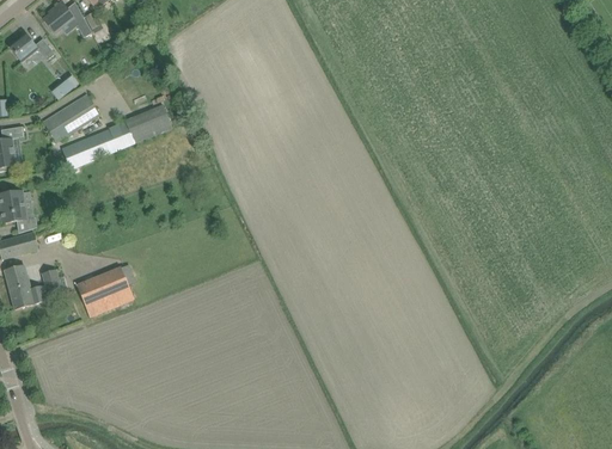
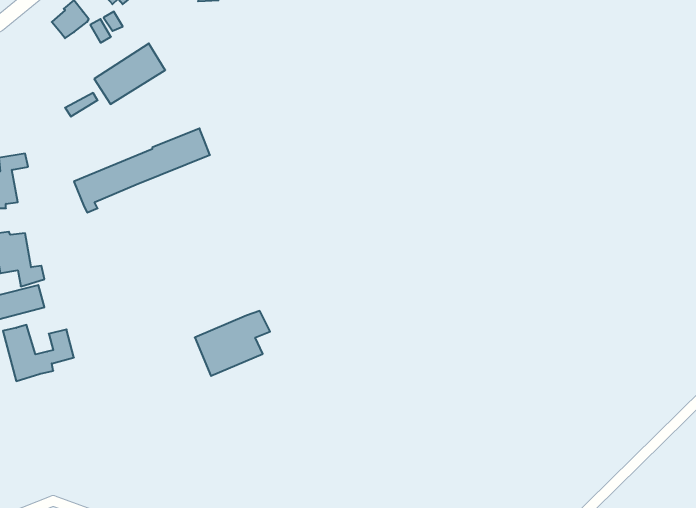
building: [8,32,55,61] -> none
building: [42,93,99,142] -> [94,43,165,104]
building: [75,264,136,316] -> [195,311,270,376]

